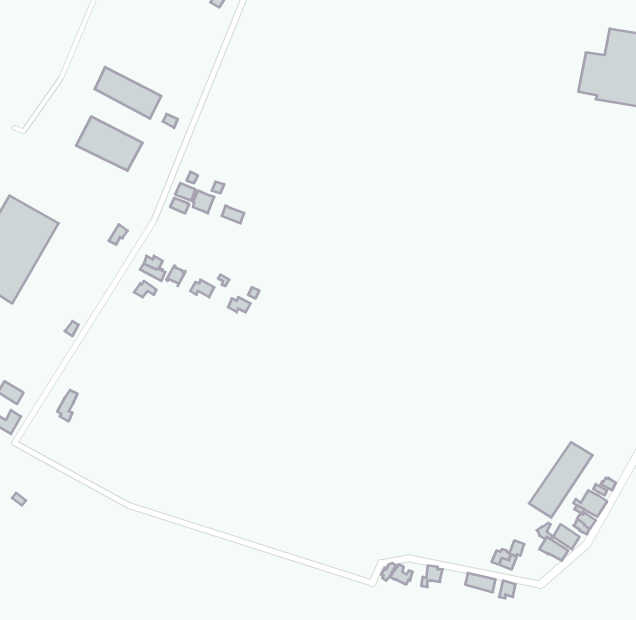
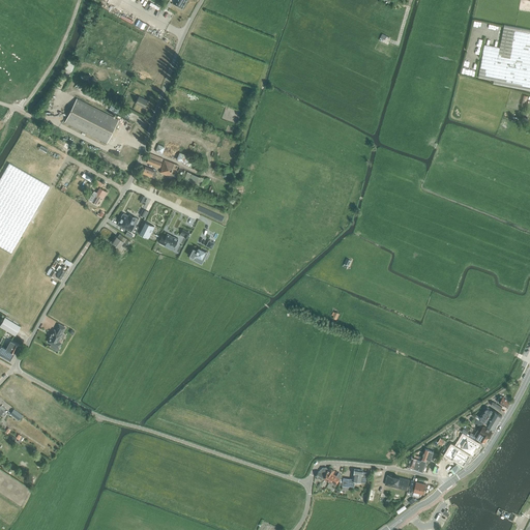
building: [95,67,161,119] -> none
building: [529,442,593,518] -> none

